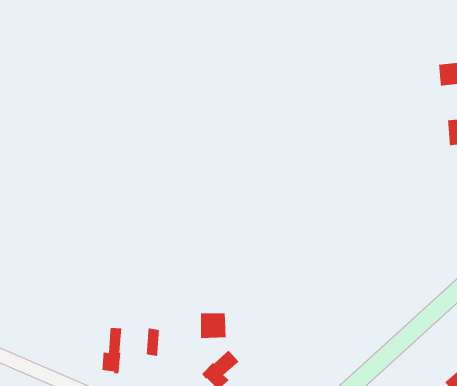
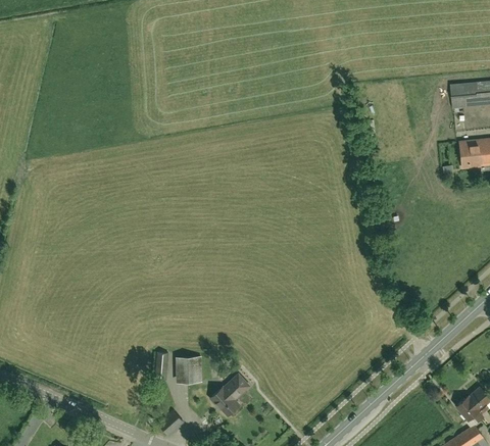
building: [200,313,226,339] -> [176,357,202,384]
building: [102,327,122,374] -> none

